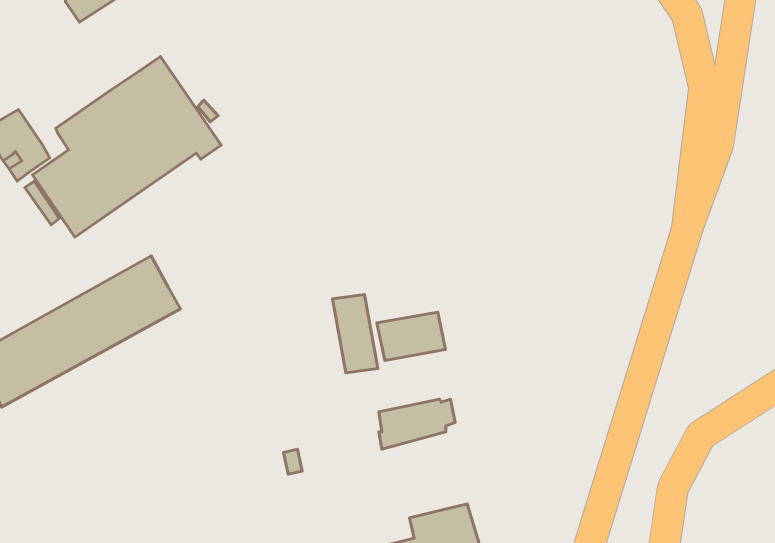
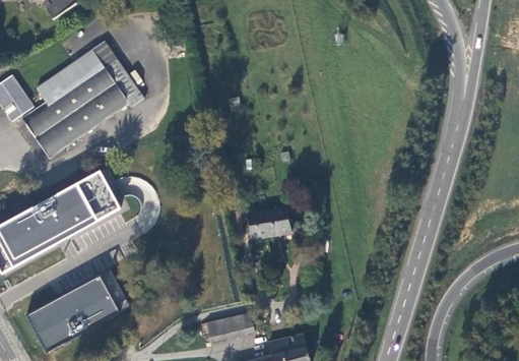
building: [332,295,378,373] -> none
building: [379,399,455,449] -> [203,313,253,346]
building: none -> [25,269,129,351]

